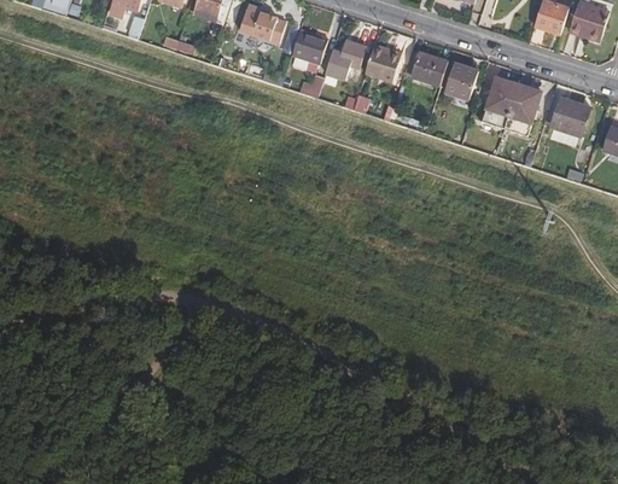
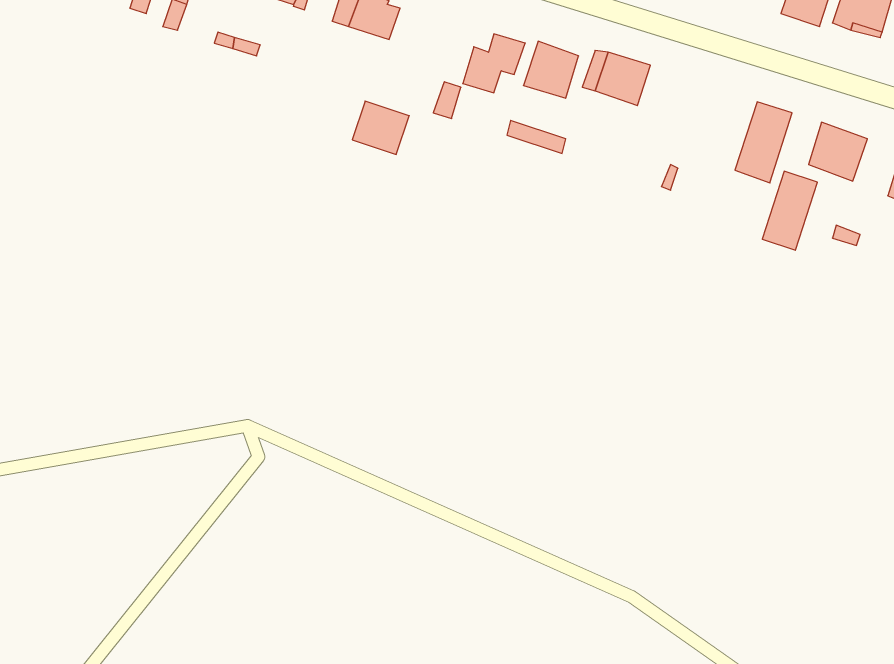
building: [291,29,328,64] -> [352,101,409,154]
building: [444,62,478,95] -> none
building: [482,76,518,128] -> [762,171,817,250]

